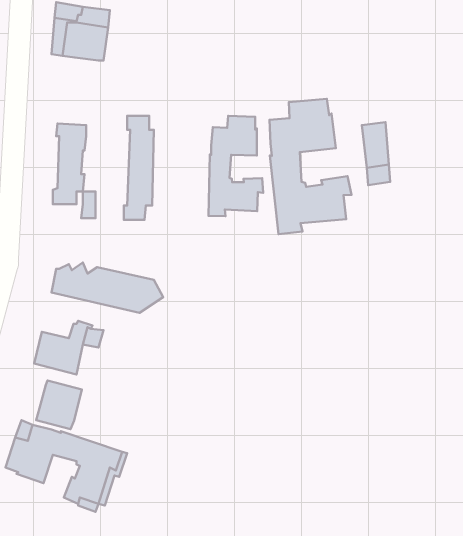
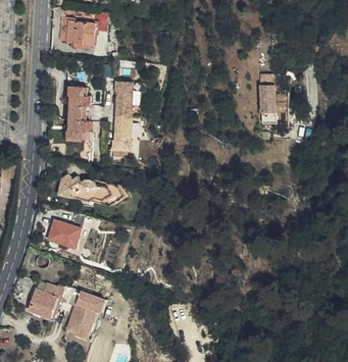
building: [270,99,352,234] -> none
building: [209,116,263,216] -> none
building: [36,381,82,429] -> none

